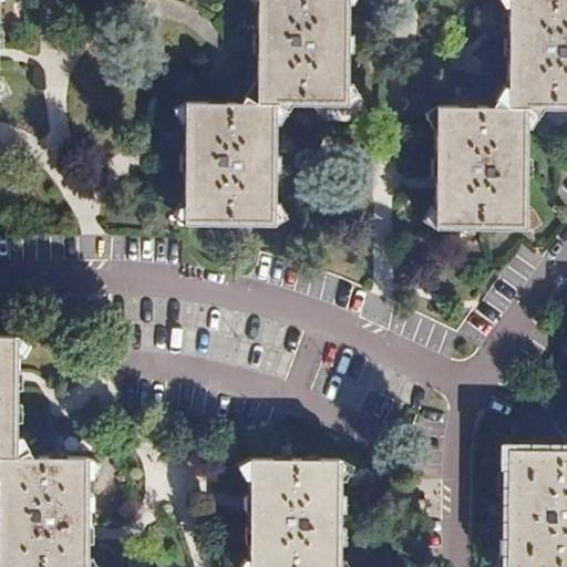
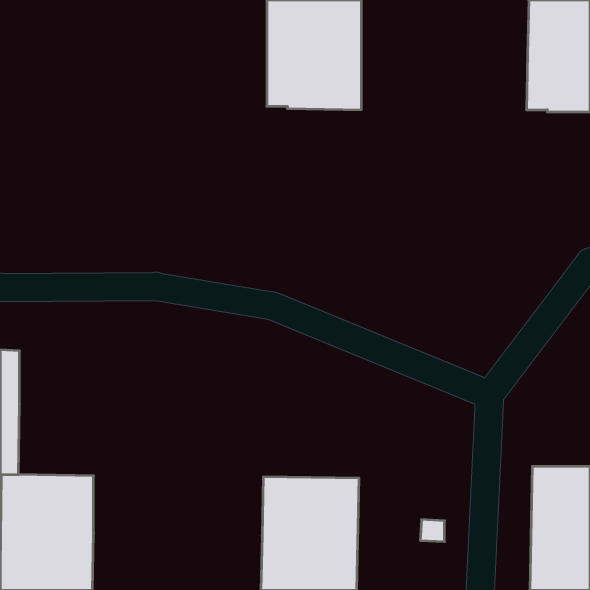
building: [184,101,276,225] -> none
building: [433,104,525,228] -> none

